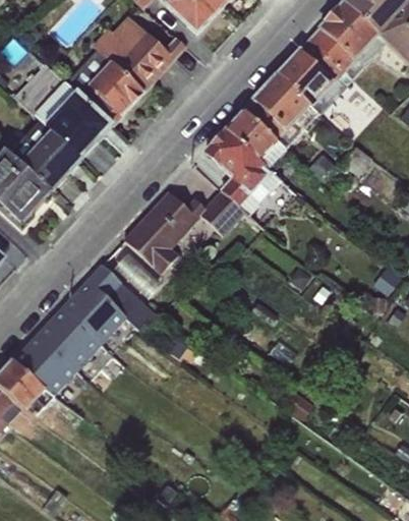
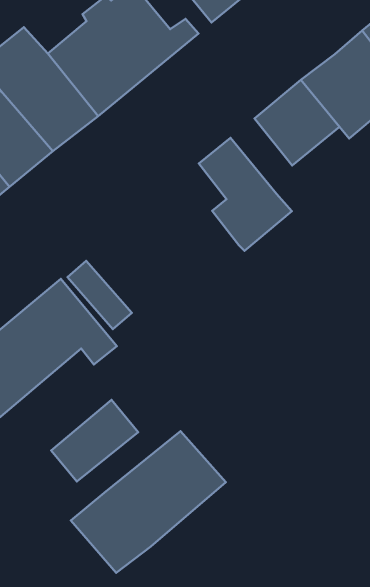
building: [225,109,285,167] -> none
building: [123,188,244,272] -> none
building: none -> [51,400,138,482]
building: none -> [71,431,226,573]

